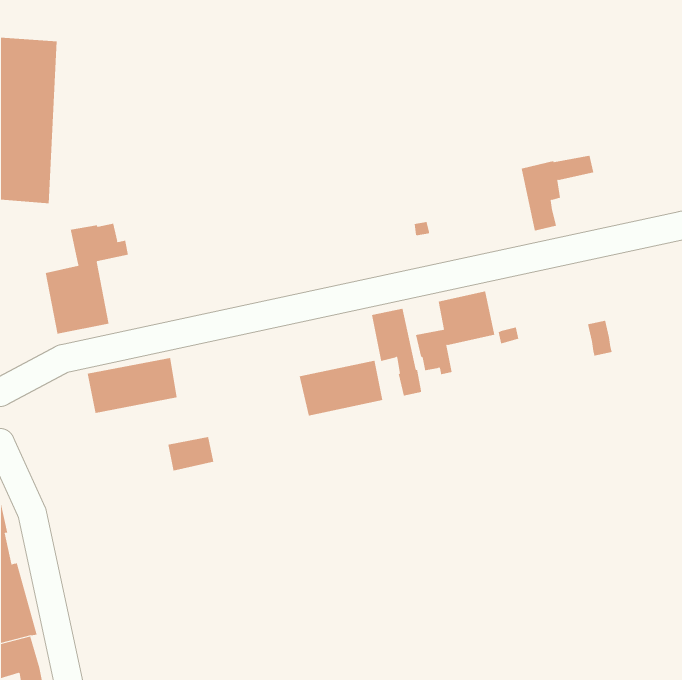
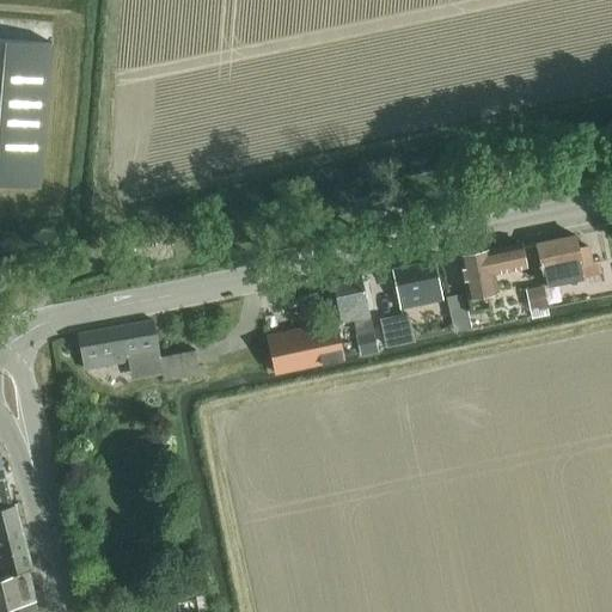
building: [521,155,594,231] -> [459,245,525,313]
building: [45,223,129,335] -> none
building: none -> [537,237,601,286]
building: [168,437,214,471] -> [158,351,200,382]

